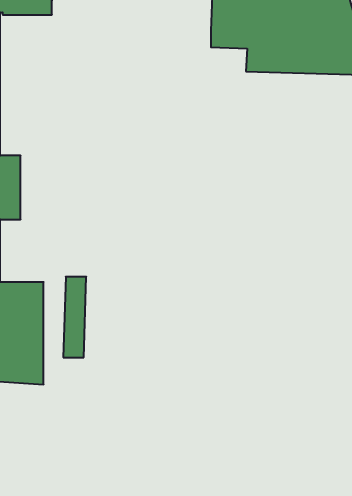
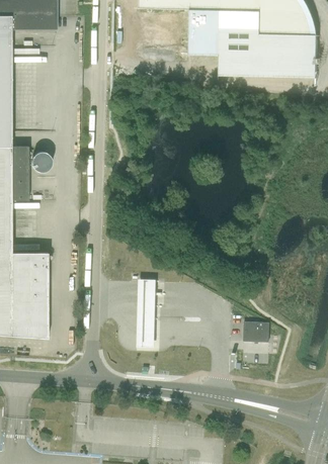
building: [63,277,86,357] -> [137,279,156,347]
building: none -> [243,322,269,343]

